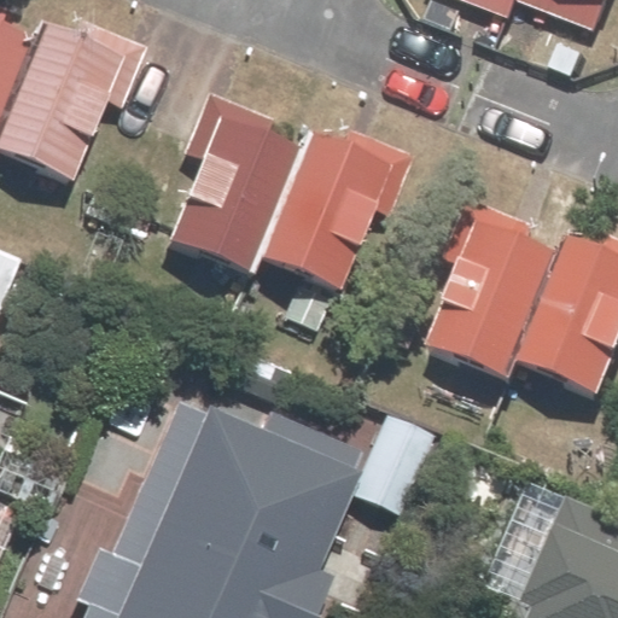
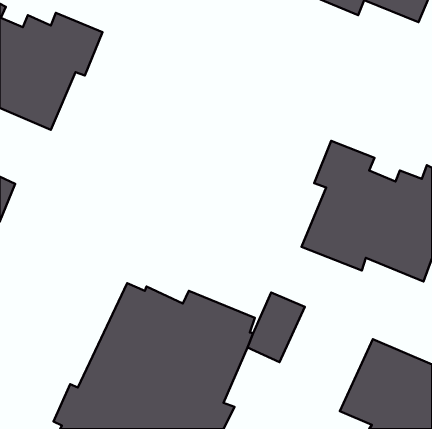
building: [167,93,414,296] -> none

